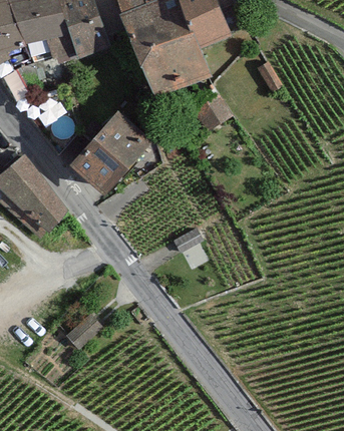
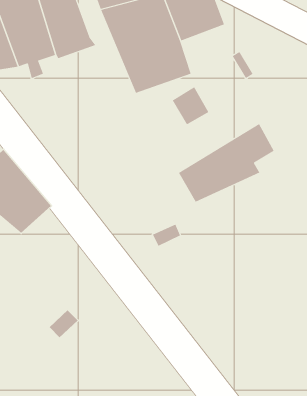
building: [71,109,154,190] -> none
building: none -> [178,123,274,203]

